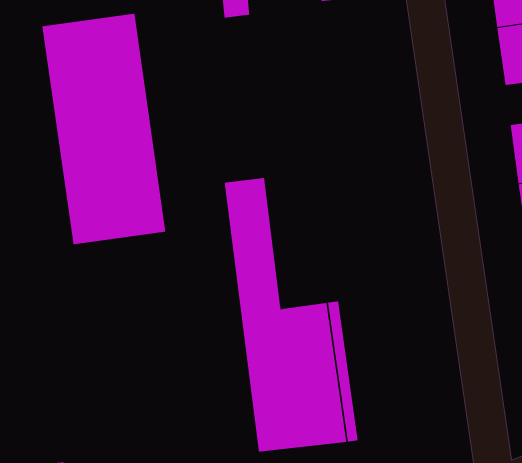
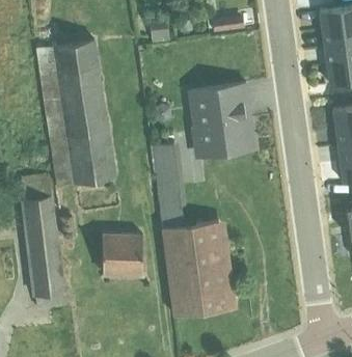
building: none -> [189,83,256,158]
building: none -> [20,174,65,310]
building: none -> [102,235,142,276]

